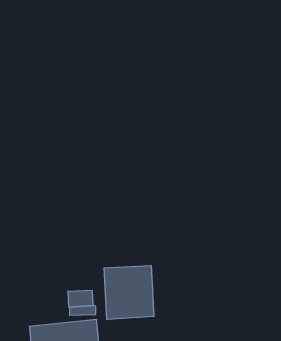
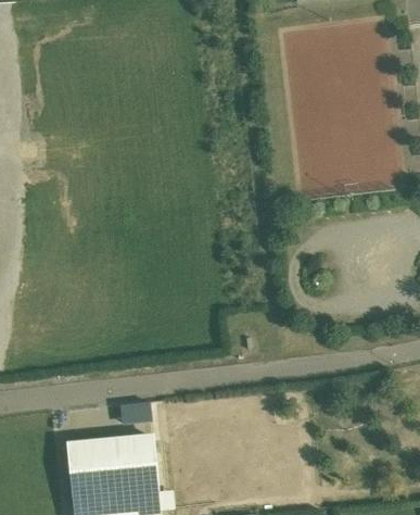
building: [104,265,154,320] -> none

